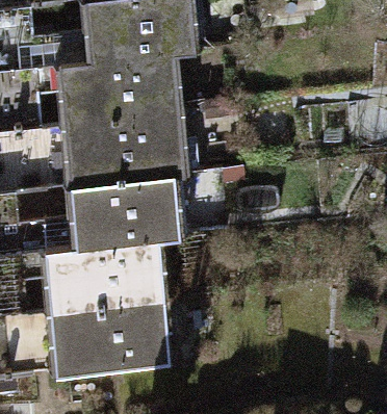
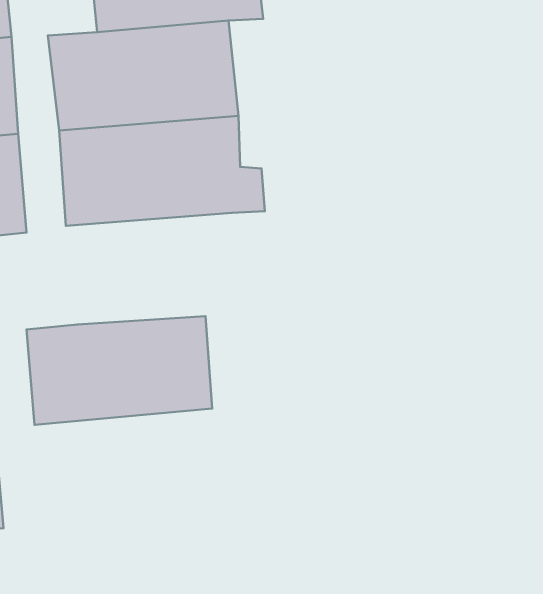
building: [68,170,176,240] -> none
building: [48,293,166,366] -> none

